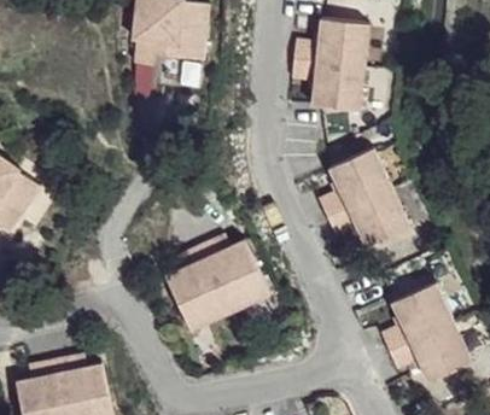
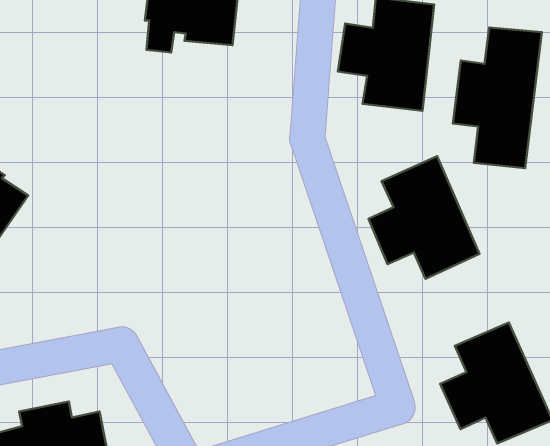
building: none -> [453,28,542,168]
building: [165,241,272,334] -> none

